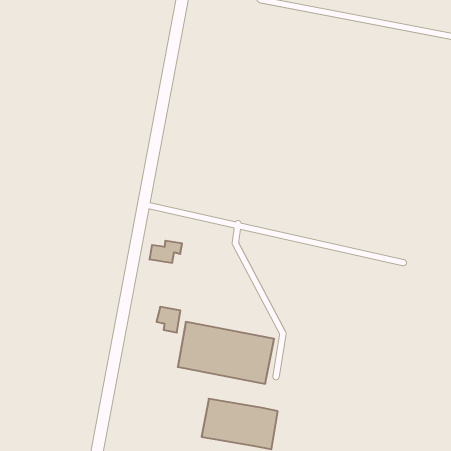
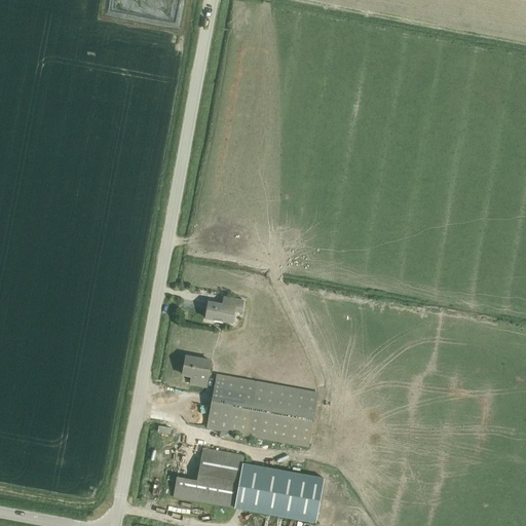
building: [149,241,182,263] -> [204,297,242,323]
building: none -> [173,447,245,508]

